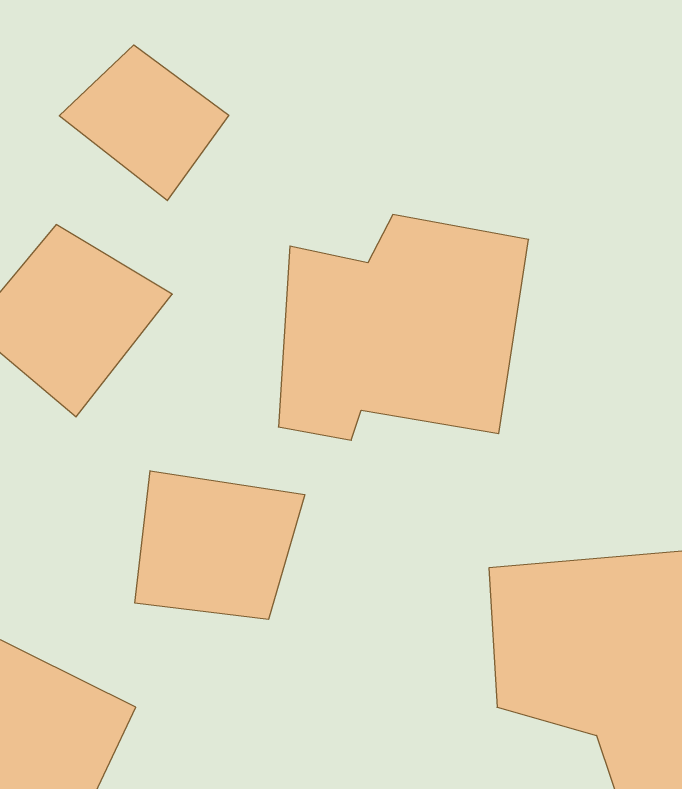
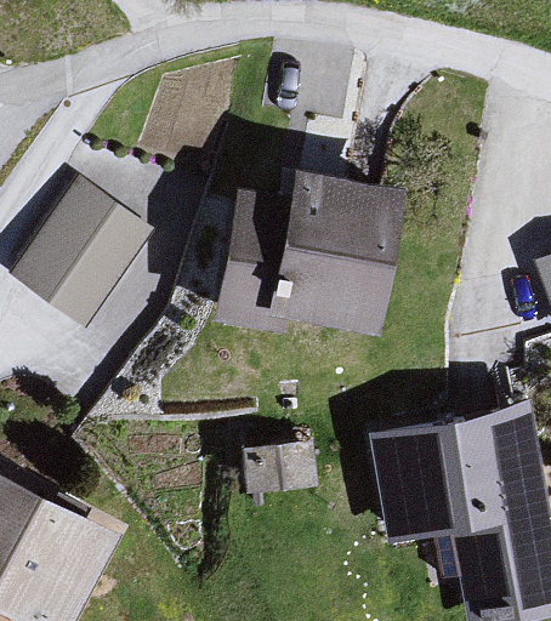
building: [59,45,229,201] -> none
building: [135,471,305,619] -> none

